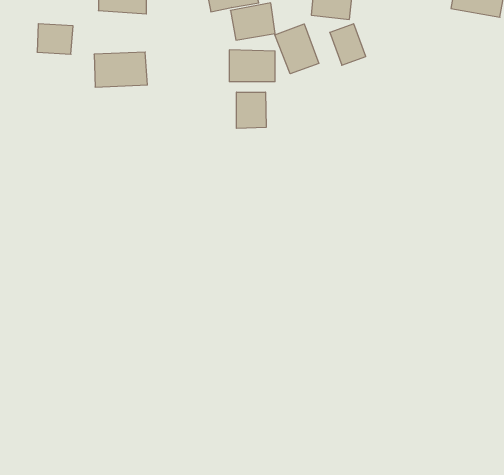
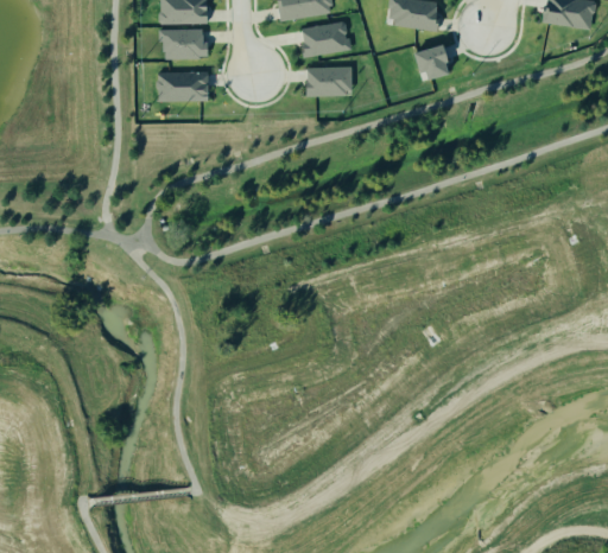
building: [37,24,73,54] -> [164,25,203,58]
building: [275,24,319,74] -> none
building: [236,92,266,128] -> none

